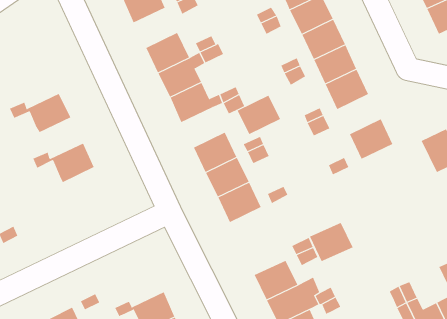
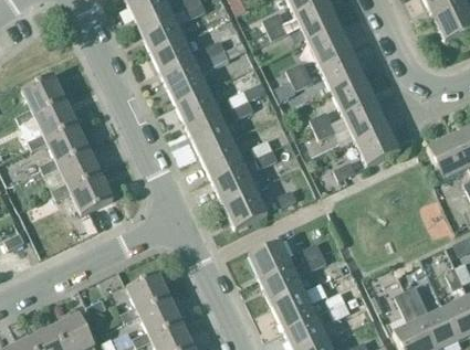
building: none -> [140,14,185,54]
building: none -> [23,74,66,115]
building: none -> [344,100,388,140]
building: [237,95,281,135] -> [188,114,232,153]
building: none -> [29,124,91,165]
building: none -> [52,173,114,214]
building: [309,222,353,262] -> [249,241,293,280]
building: none -> [127,272,171,312]

